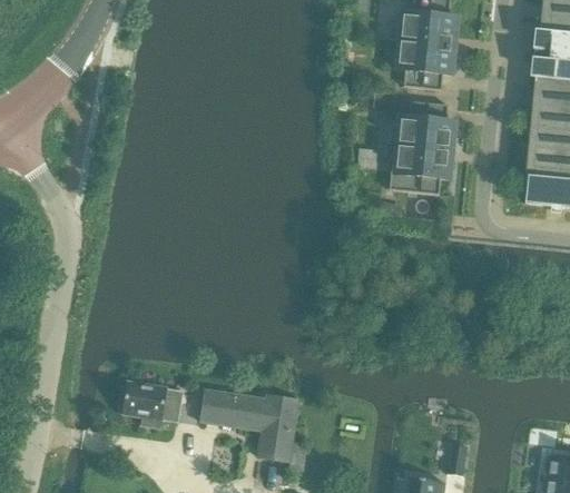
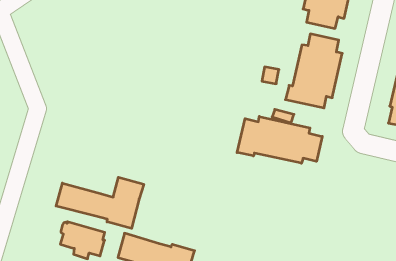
building: none -> [237,116,322,163]
building: none -> [56,177,144,228]

